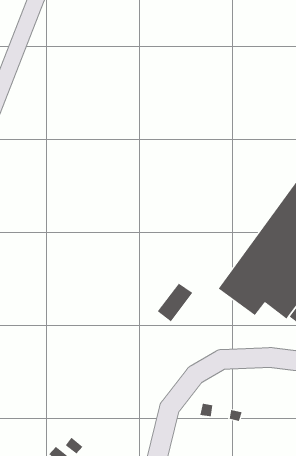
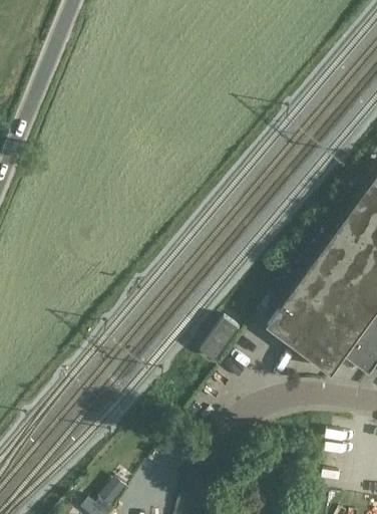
building: none -> [308,342,343,374]

